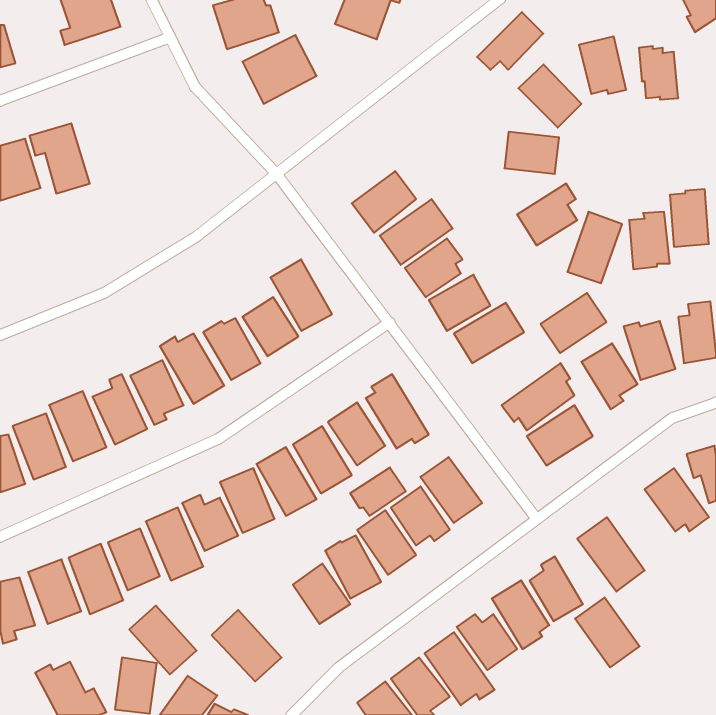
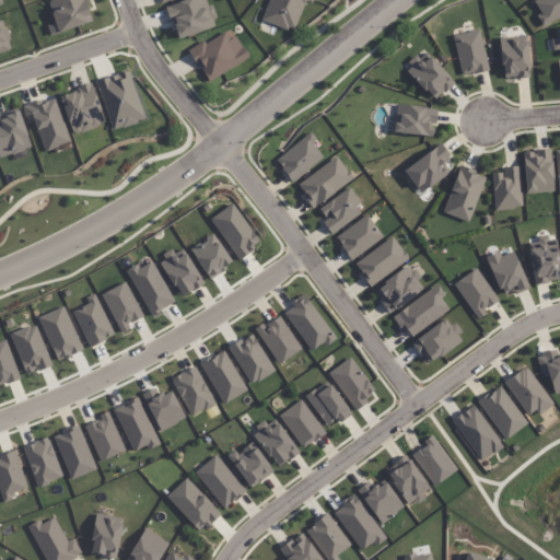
building: [477,12,543,70] -> none
building: none -> [96,70,144,129]
building: none -> [60,84,105,133]
building: [541,293,606,353] -> [373,265,424,312]
building: [350,467,406,516] -> none
building: [575,597,640,667] -> [477,384,527,439]
building: [129,606,197,674] -> [194,454,246,508]

